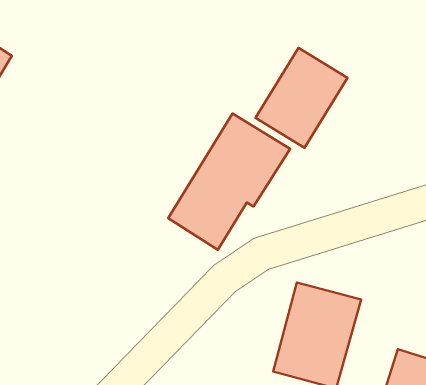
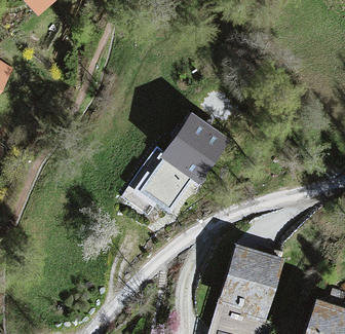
building: [256,48,348,148] -> none

